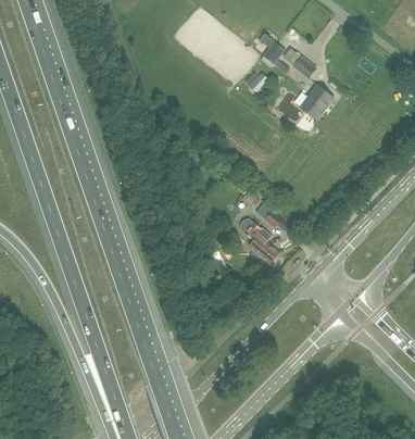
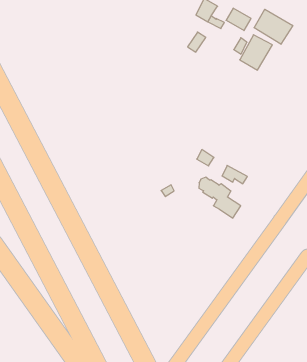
building: none -> [254,9,293,44]

